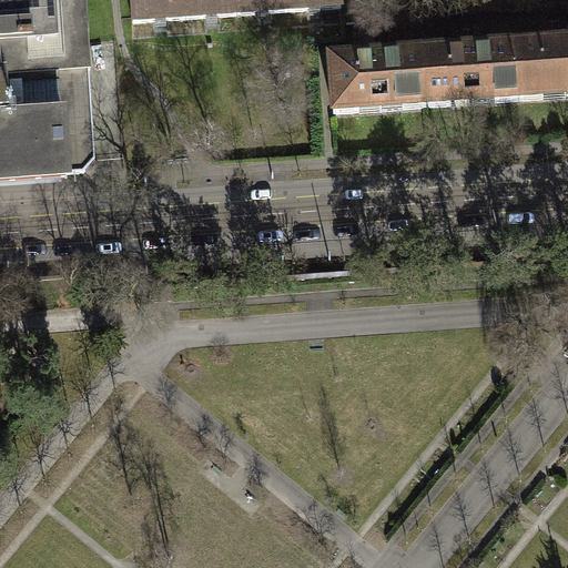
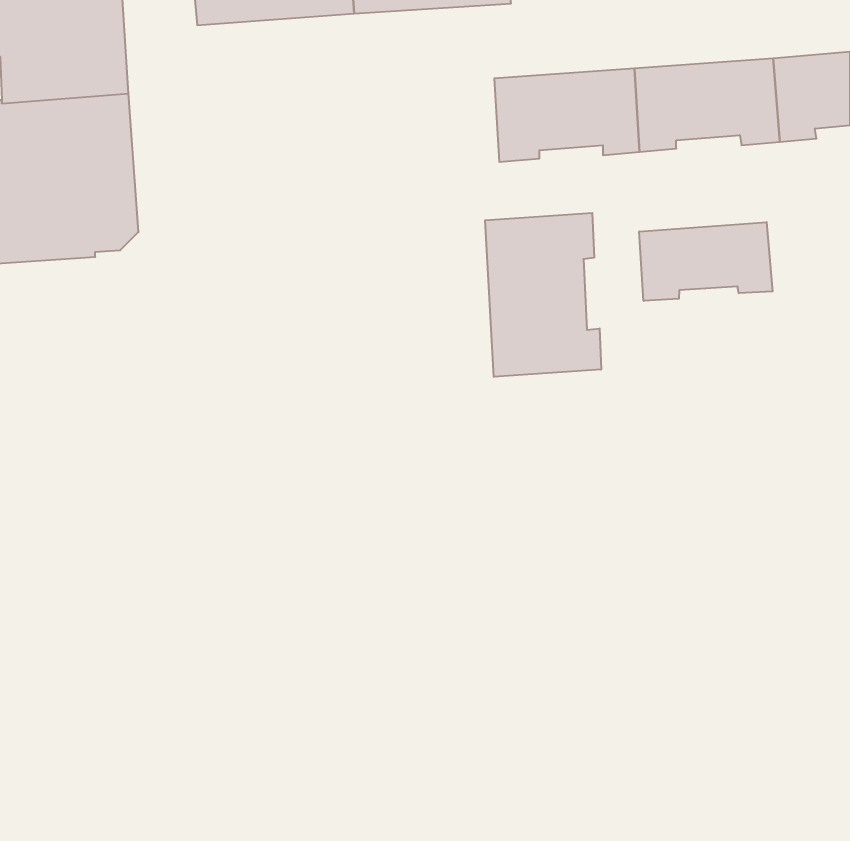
building: none -> [485,213,601,377]
building: none -> [639,222,773,301]

